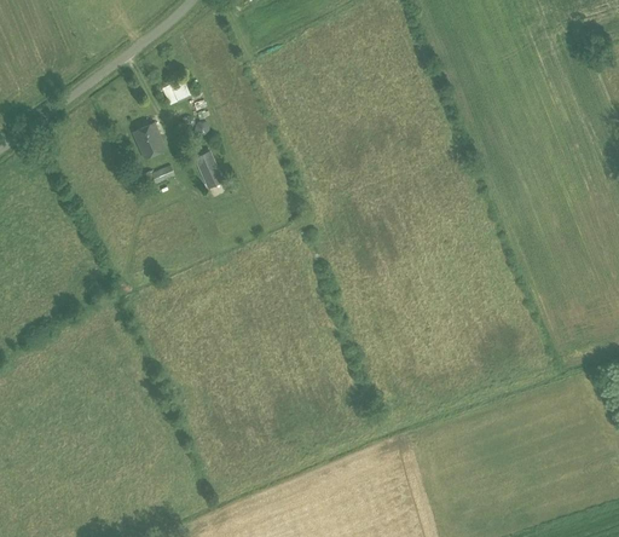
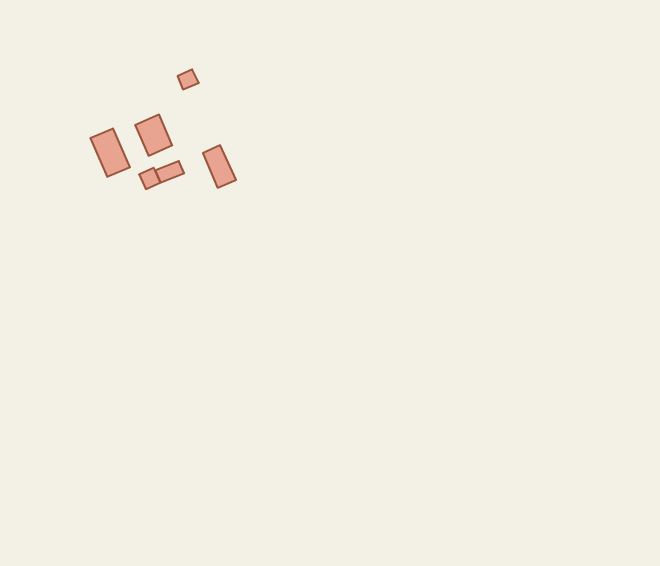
building: none -> [90,128,130,177]

